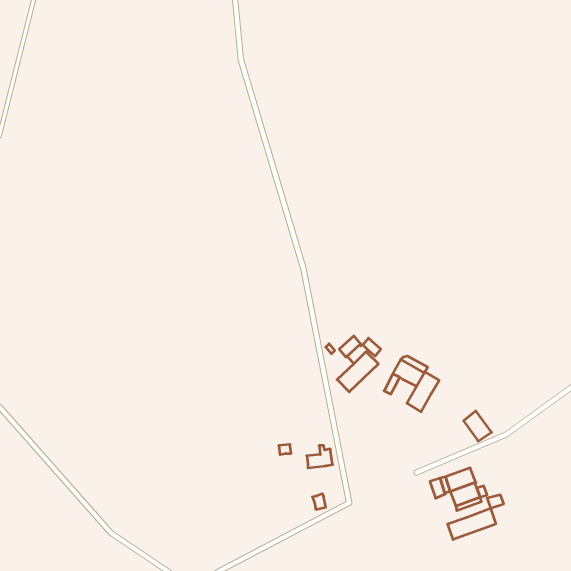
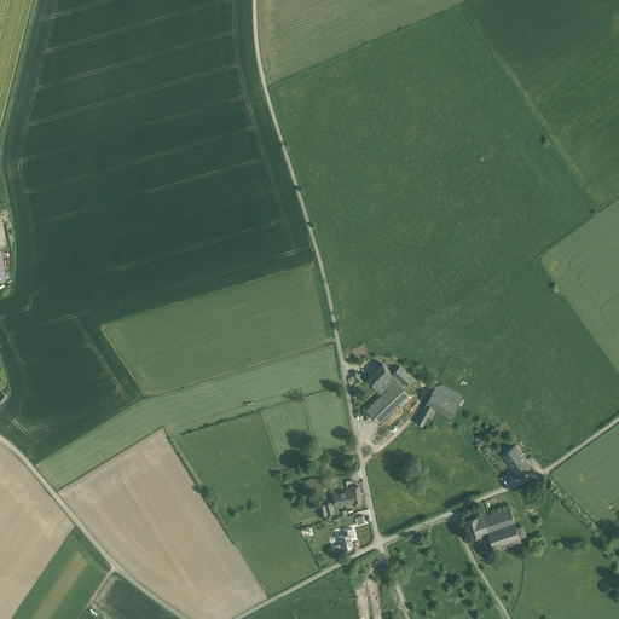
building: [407,372,439,412] -> none
building: [448,508,496,540] -> none

